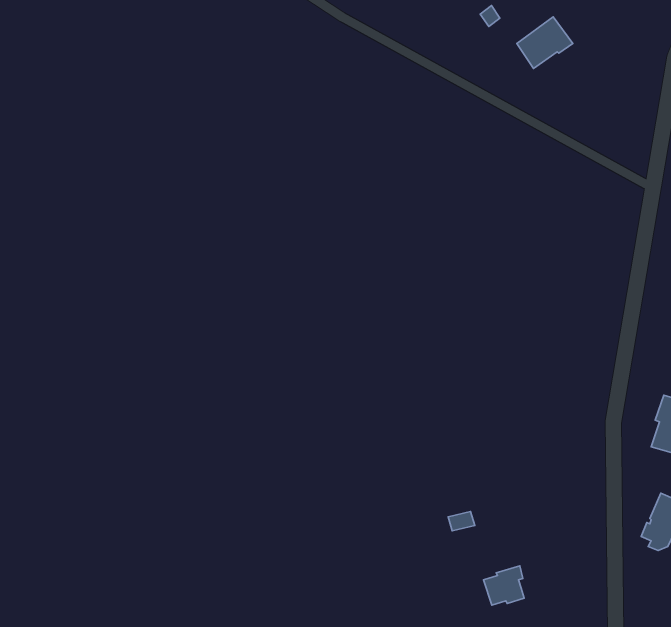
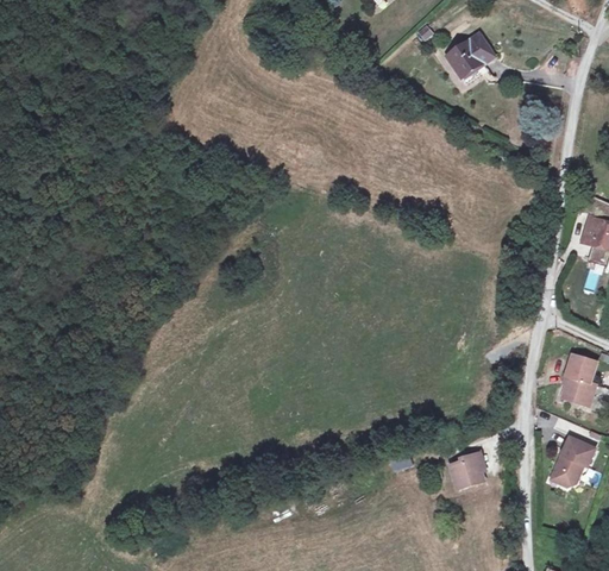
building: [484,566,524,605] -> [448,452,483,485]

